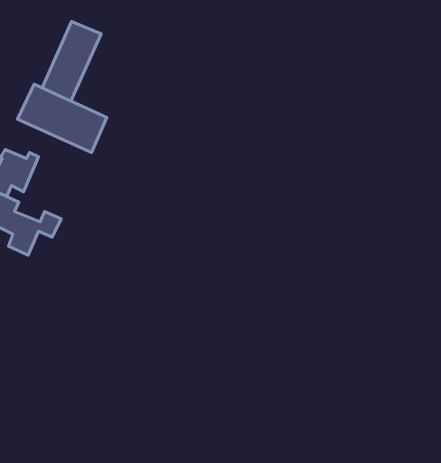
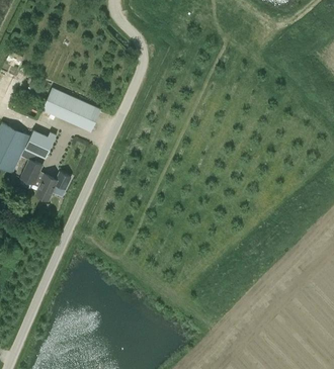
building: [42,21,101,101] -> none

